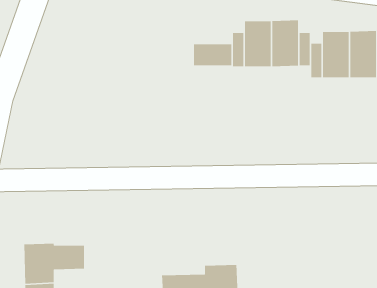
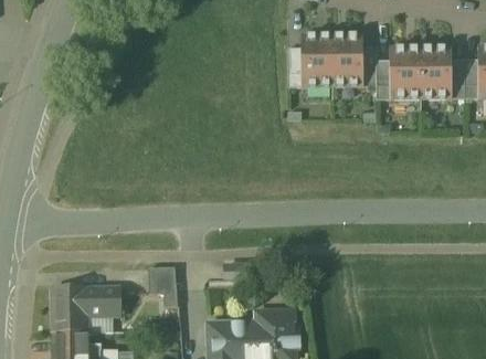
building: [193,44,232,66] -> none
building: none -> [148,264,178,304]

